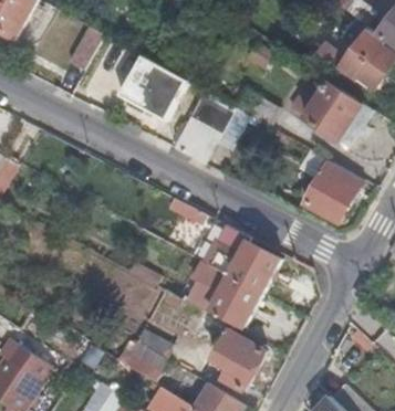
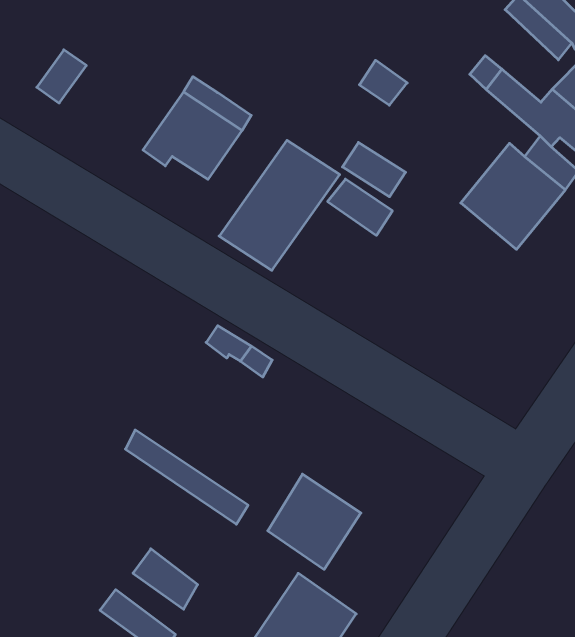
building: [302,161,358,220] -> none
building: [204,242,279,295] -> none

